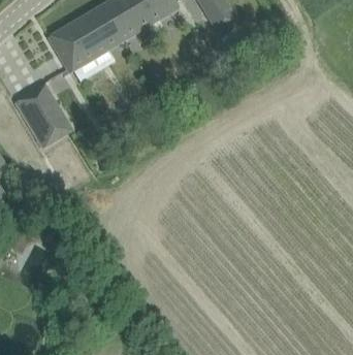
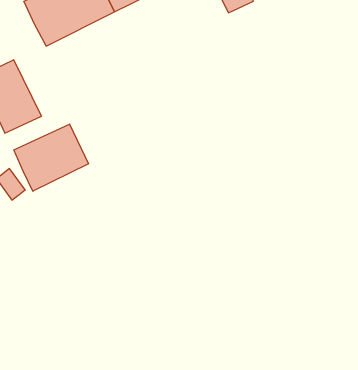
building: none -> [14,124,88,191]

